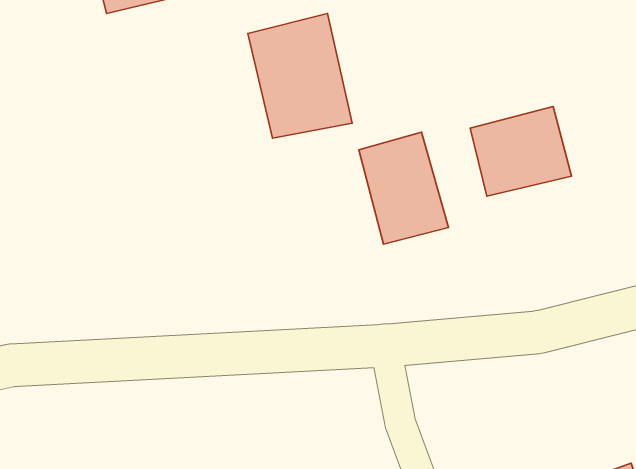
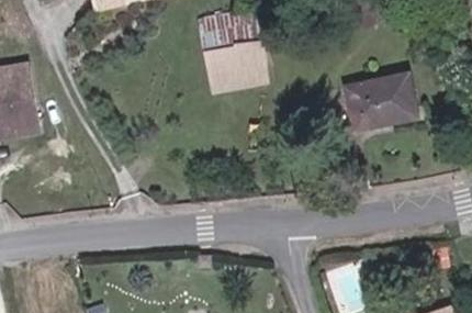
building: [359,132,448,244] -> none

